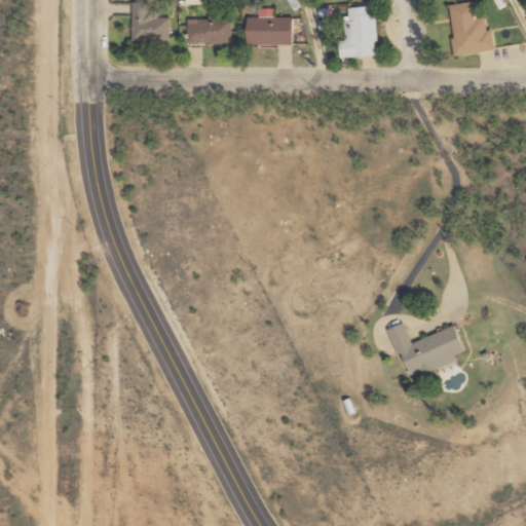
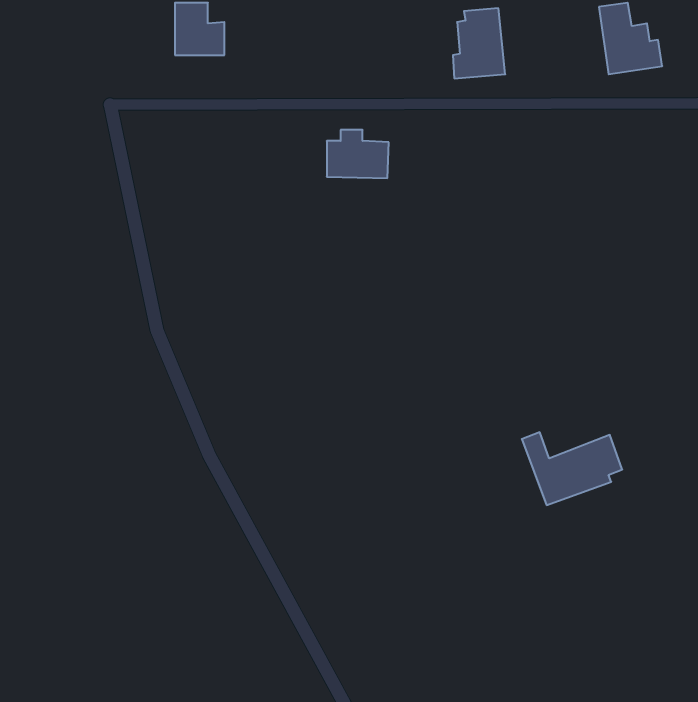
building: [247,9,293,45] -> [327,130,389,178]
building: [186,17,230,44] -> none

